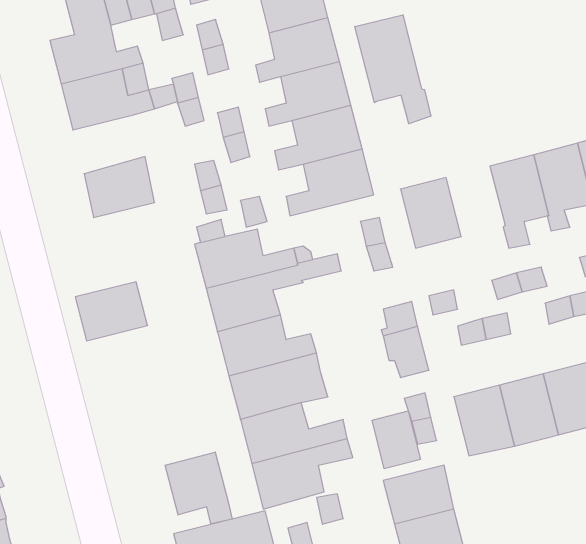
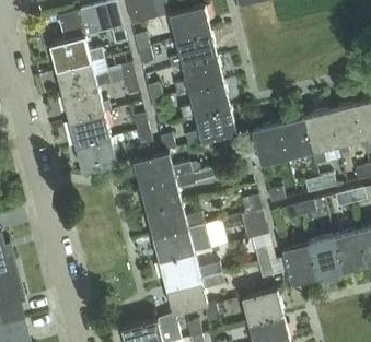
building: [355,15,431,124] -> none
building: none -> [63,87,111,121]
building: none -> [278,117,312,157]
building: [75,282,148,341] -> [76,138,117,172]
building: [372,411,420,469] -> none
building: [165,452,232,524] -> none

